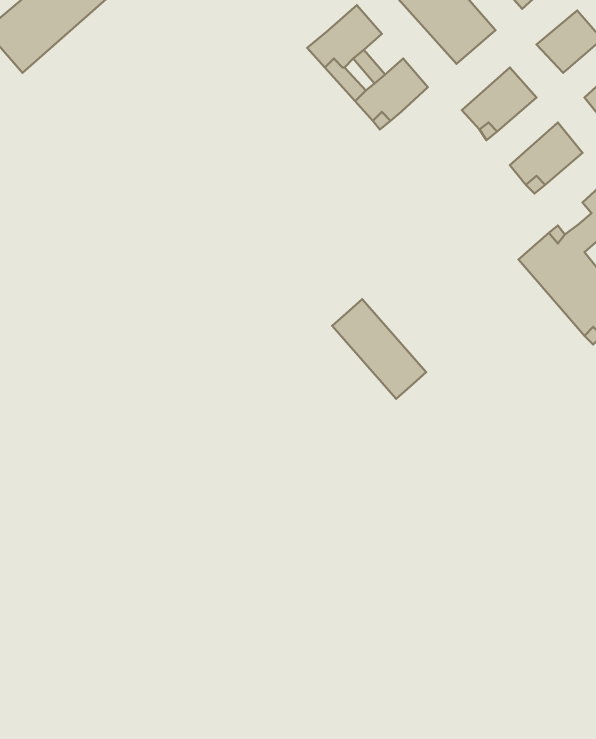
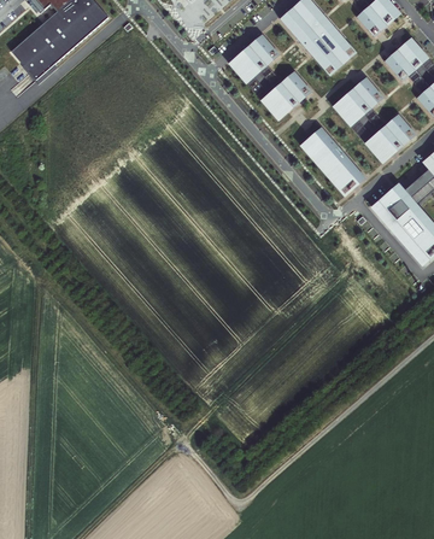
building: [332,299,426,399] -> [300,127,364,194]

